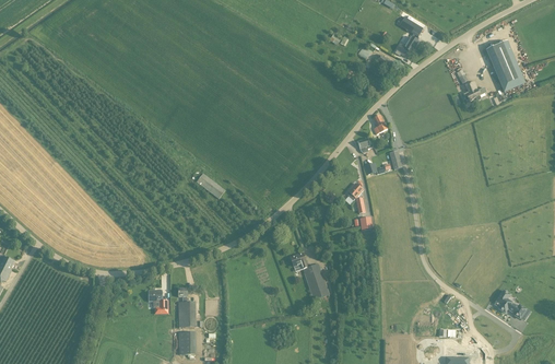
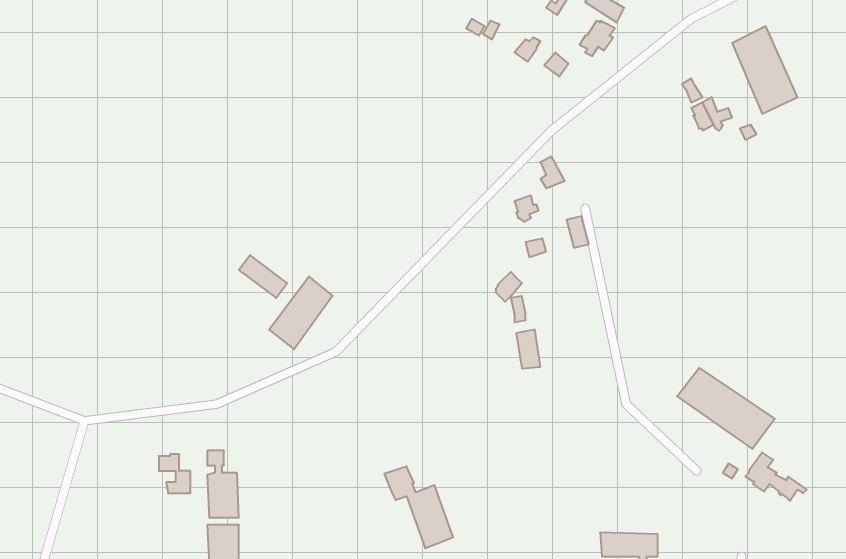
building: none -> [269,276,333,349]
building: none -> [677,368,775,449]
building: [288,251,329,300] -> [384,466,453,548]

